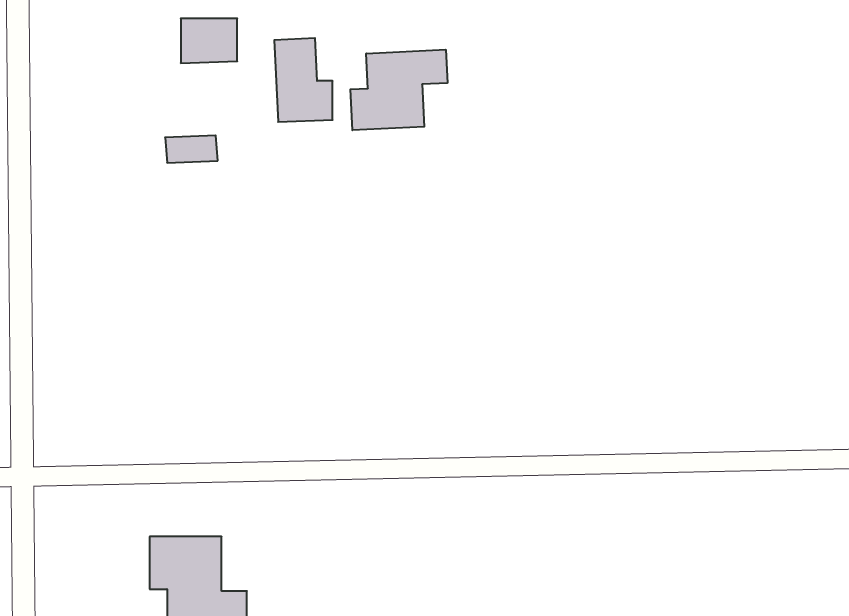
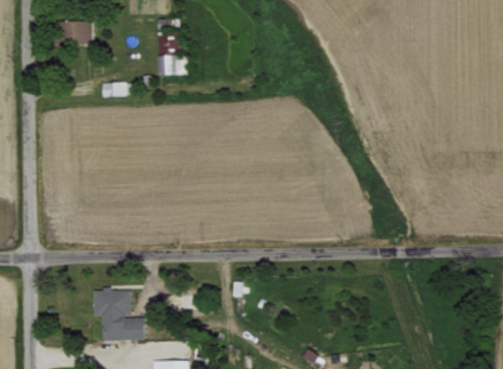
building: [181,18,237,63] -> [60,22,90,45]
building: [350,50,447,130] -> none

